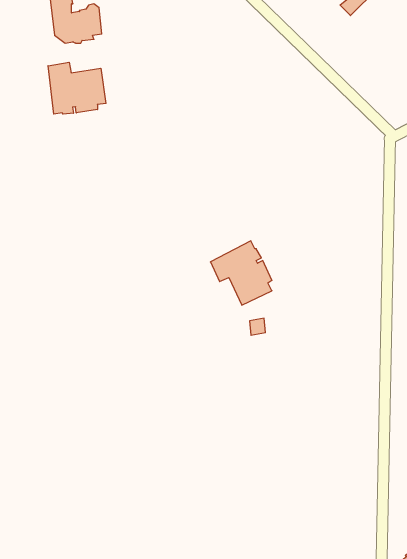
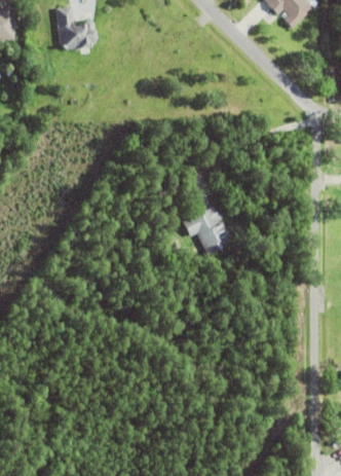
building: [48,62,106,114] -> none

